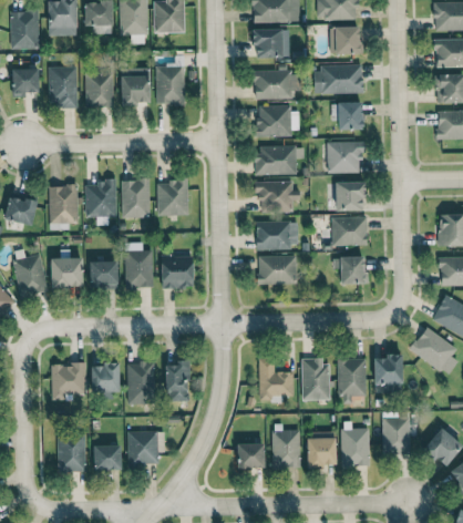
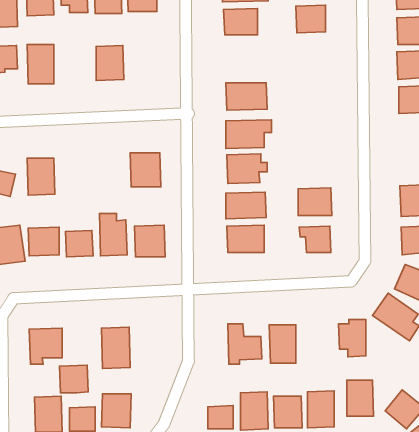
building: [312,65,362,93] -> none
building: [156,66,184,104] -> none
building: [254,69,300,99] -> none
building: [84,73,113,106] -> none
building: [337,102,362,130] -> none
building: [326,141,362,173] -> none
building: [121,178,150,217] -> none
building: [85,181,116,216] -> none
building: [335,181,366,211] -> none
building: [338,358,366,402] -> none
building: [165,360,188,401] -> none
building: [90,363,120,392] -> [60,365,88,393]

